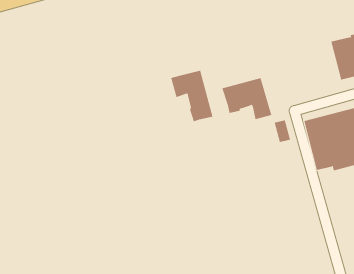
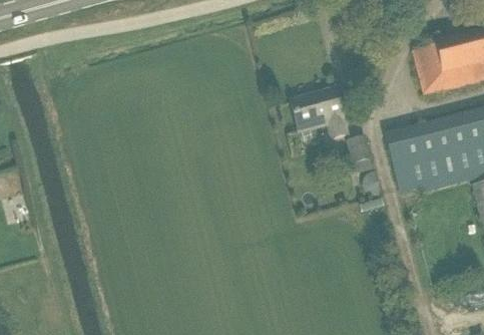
building: [171,70,213,122] -> none

